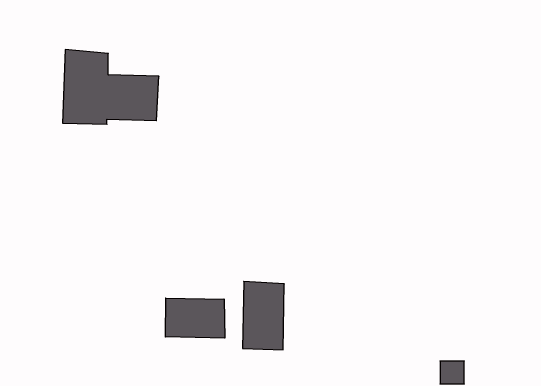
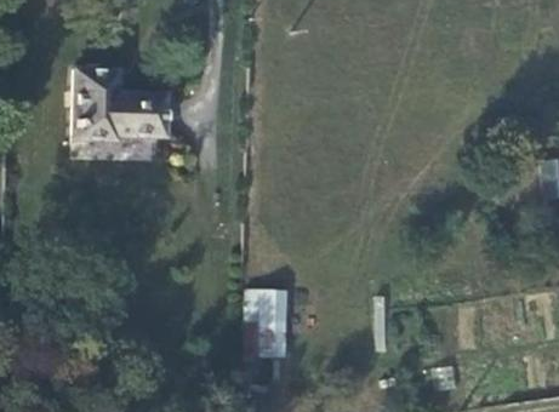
building: [165,298,225,338] -> none

